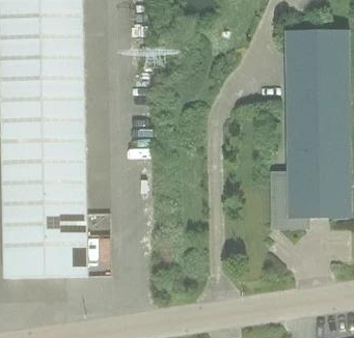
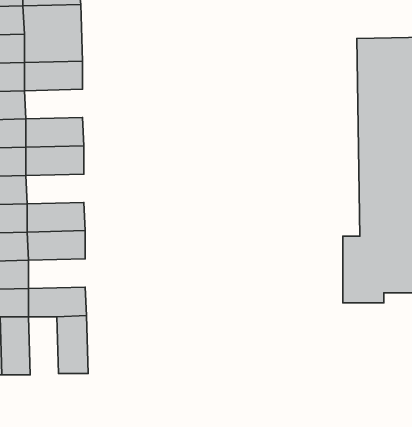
building: [42,68,84,90] -> none
building: [43,131,85,152] -> none
building: [45,193,86,215] -> none
building: [45,235,66,278] -> none

